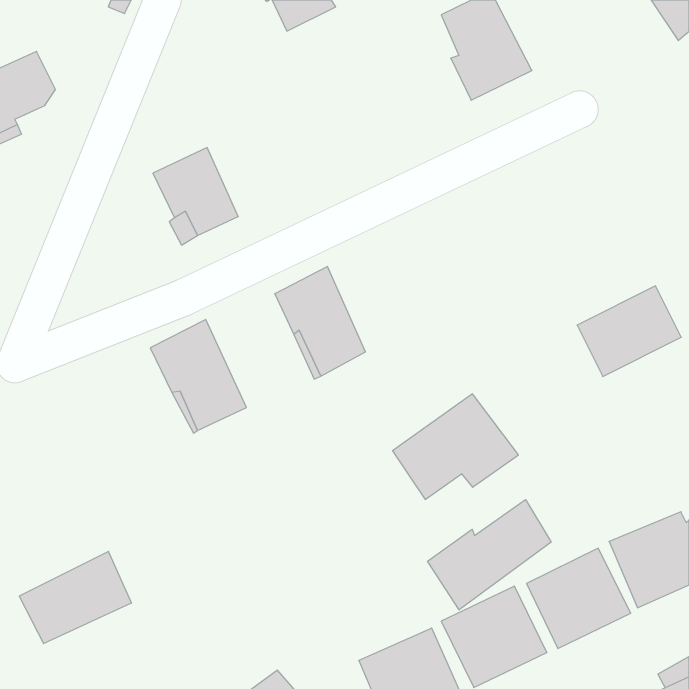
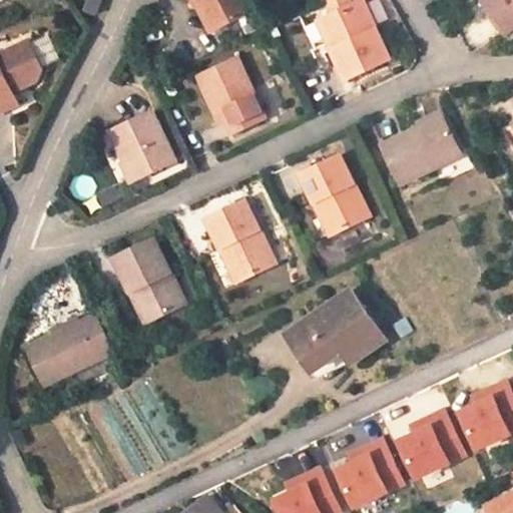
building: none -> [198,55,270,134]
building: none -> [300,153,367,227]
building: [577,286,681,377] -> [380,113,457,180]
building: [428,500,551,610] -> none
building: [19,551,132,644] -> [25,317,108,385]

